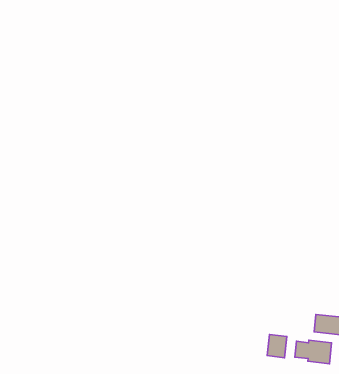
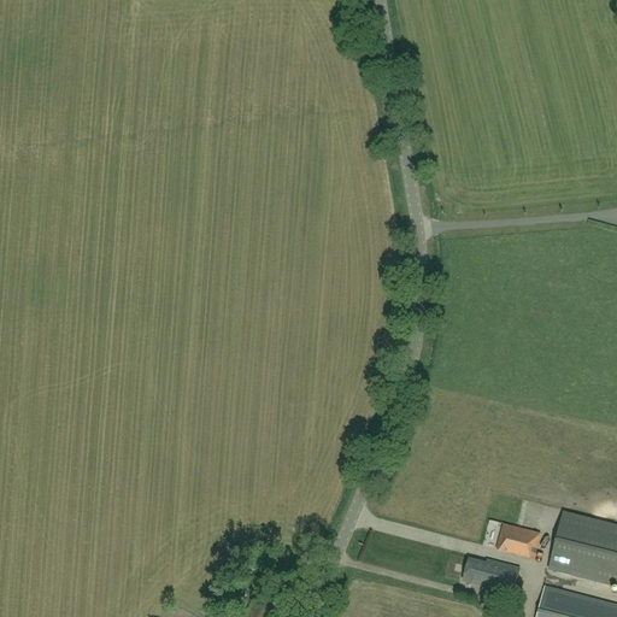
building: [267,334,287,358] -> none

